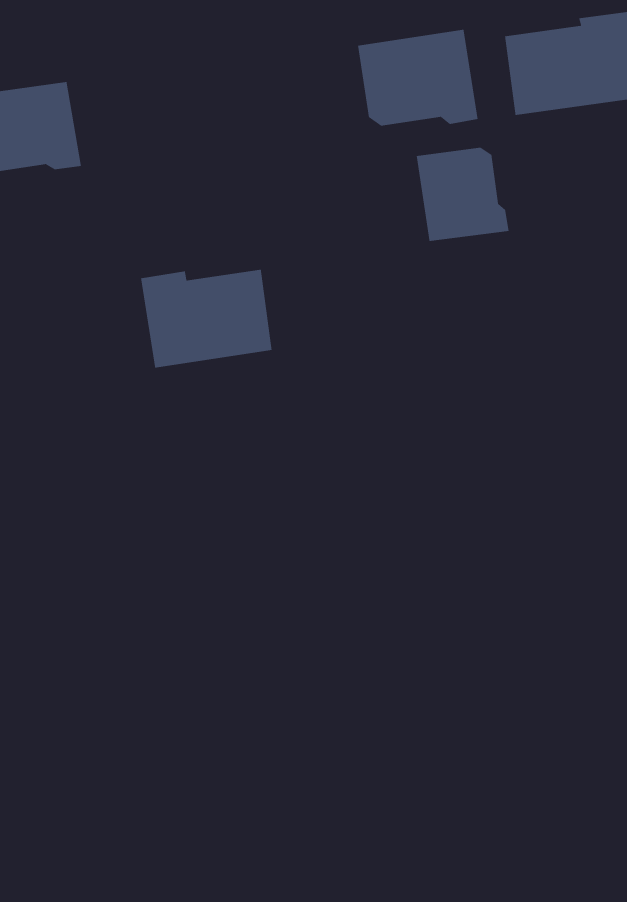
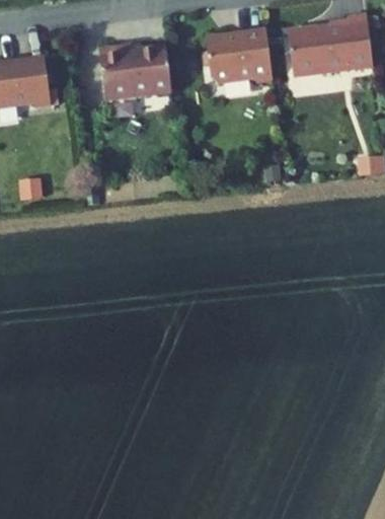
building: [416,147,509,242] -> none
building: [140,269,272,369] -> [97,45,171,100]

